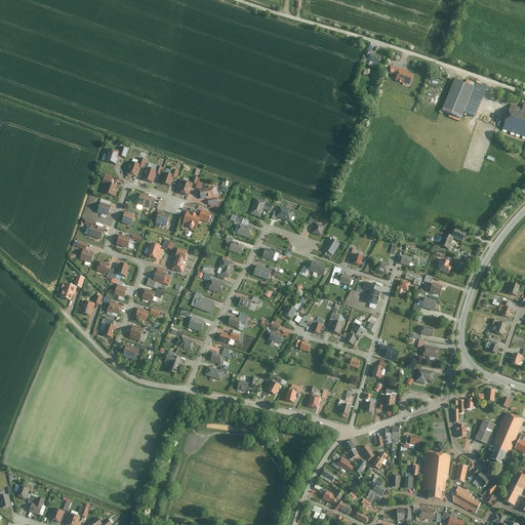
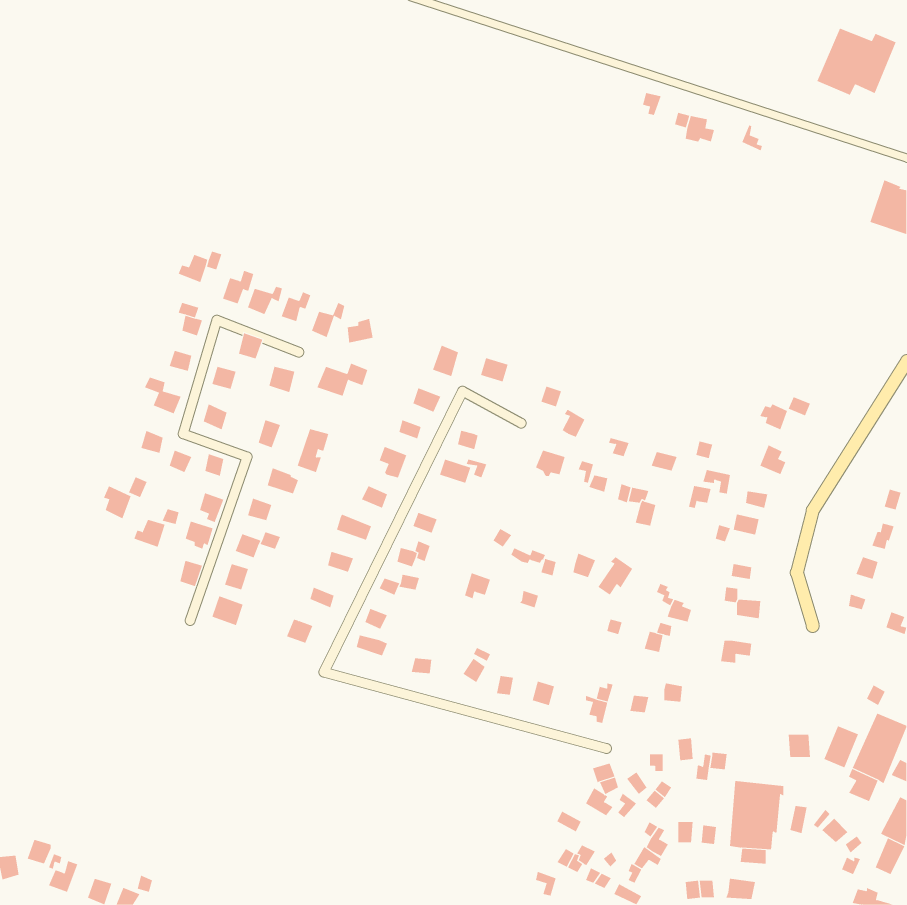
building: [443,79,489,118] -> [817,28,897,96]
building: [452,485,481,511] -> none

